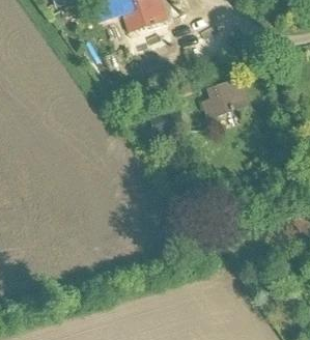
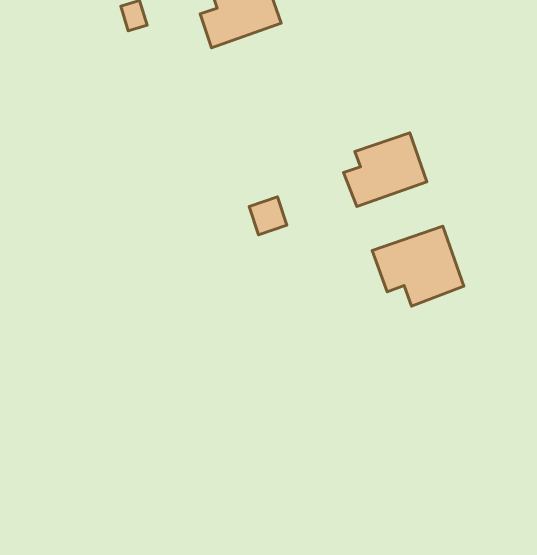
building: none -> [372,226,464,306]

